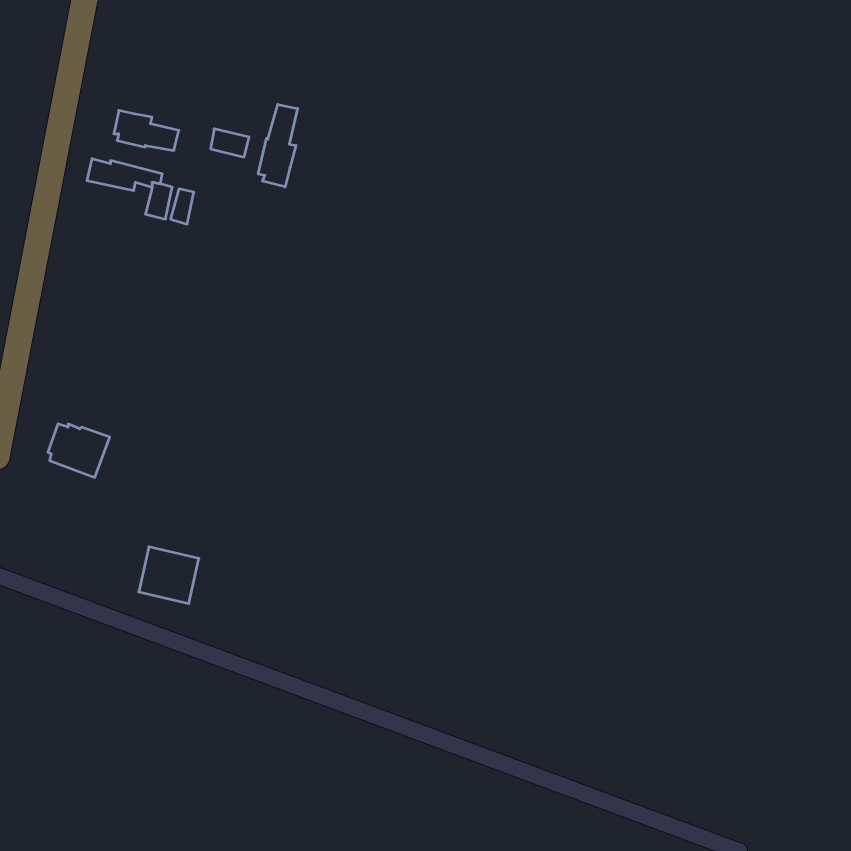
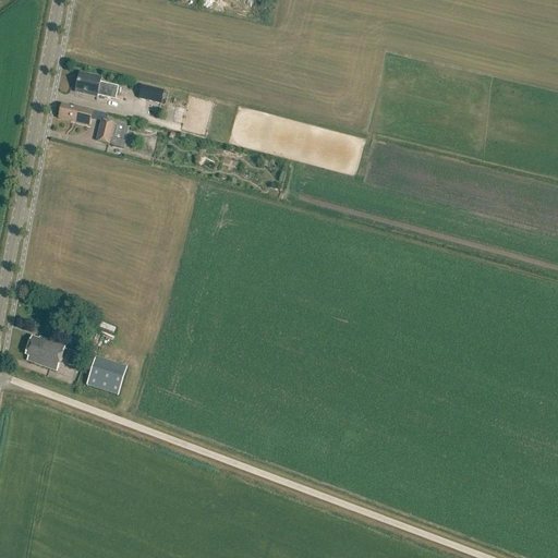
building: [258,104,298,187] -> none
building: [48,424,110,477] -> [24,335,64,369]

